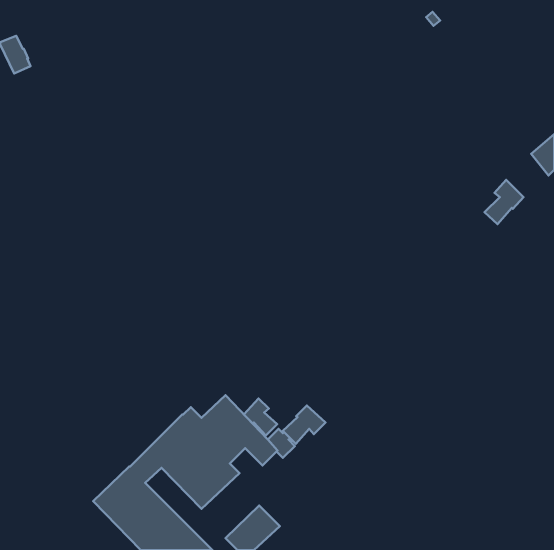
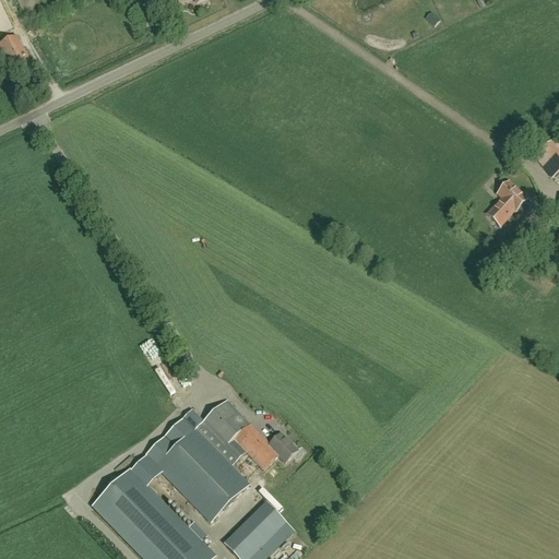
building: [244,398,277,435] -> none
building: [283,405,326,444] -> none

